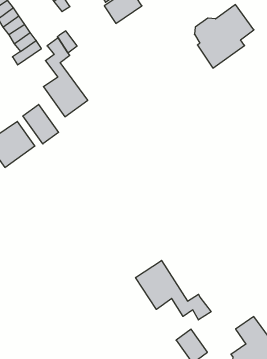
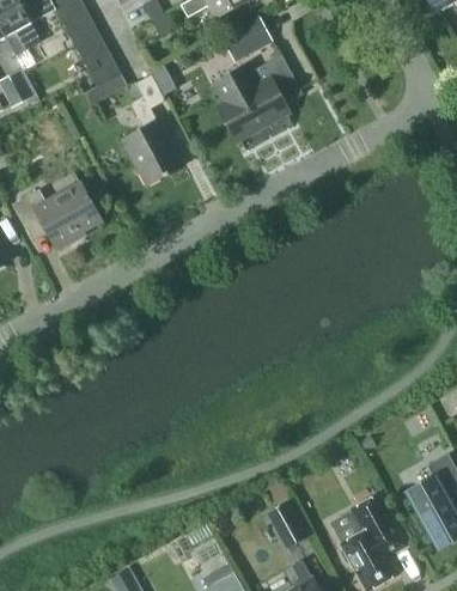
building: [194,5,254,68] -> [218,55,301,140]
building: [23,104,59,144] -> none
building: [136,260,211,320] -> none

